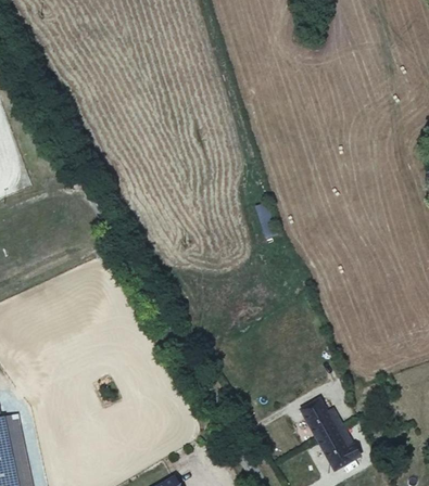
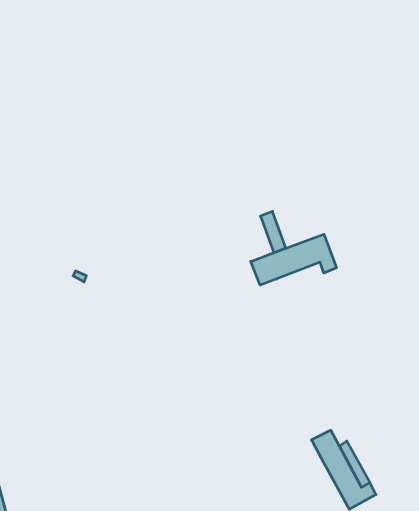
building: none -> [251,234,336,285]

